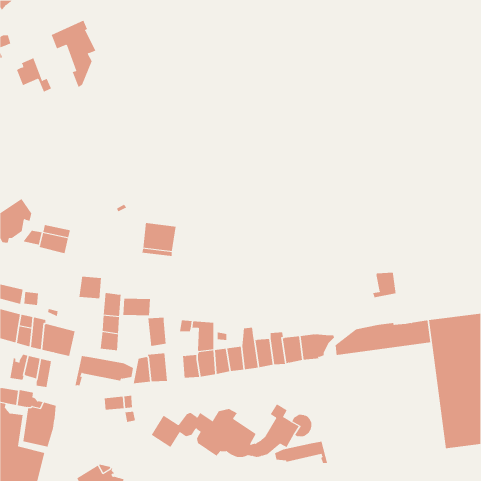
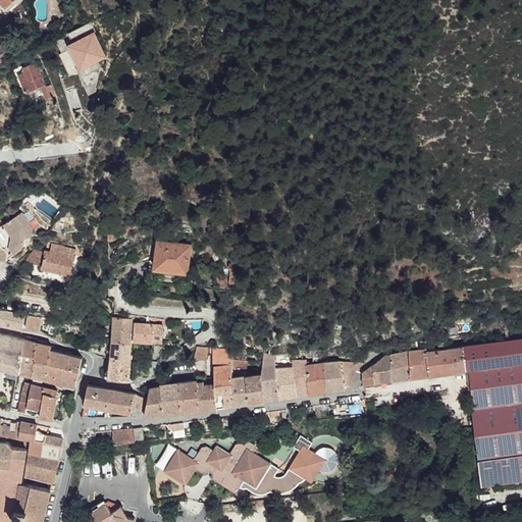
building: [373,272,396,298] -> none
building: [79,276,102,299] -> none
building: [148,317,166,347] -> [178,381,199,413]
building: [275,441,328,464] -> none

